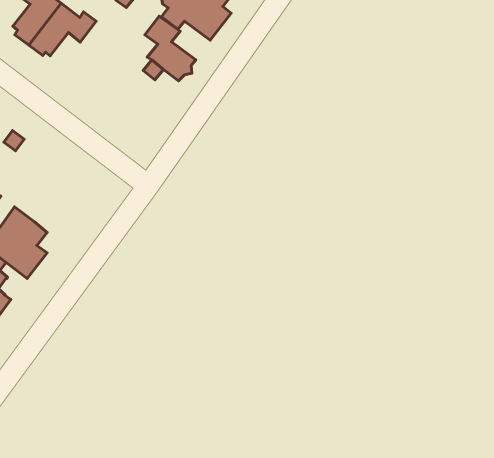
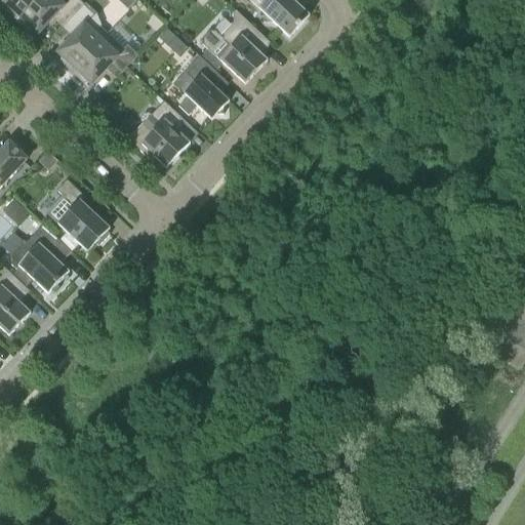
building: none -> [128,99,189,166]
building: none -> [45,177,110,250]

